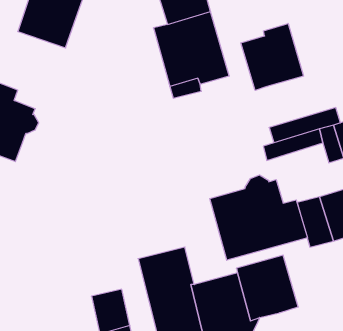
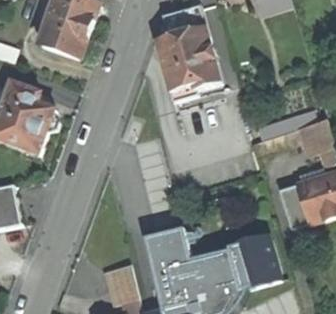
building: [241,23,303,90] -> none
building: [210,175,307,260] -> none

